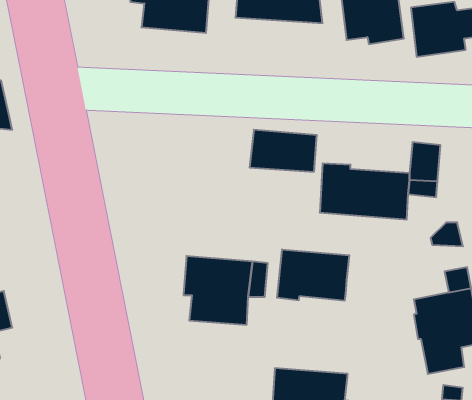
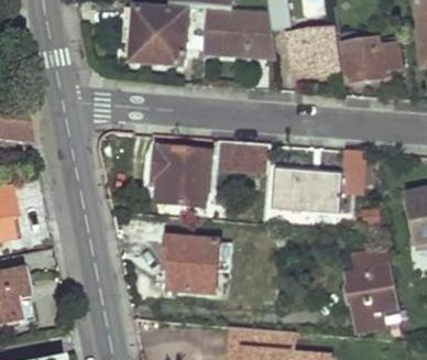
building: none -> [154,146,210,205]
building: [277,249,349,301] -> none

